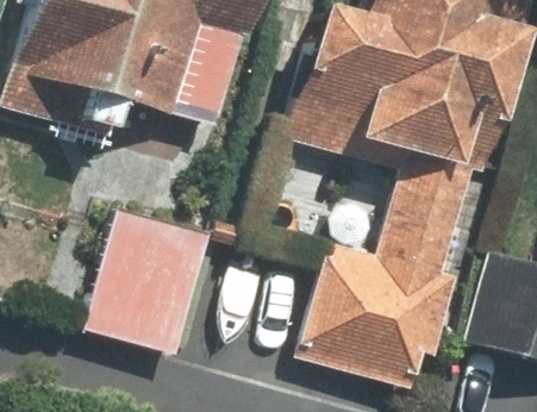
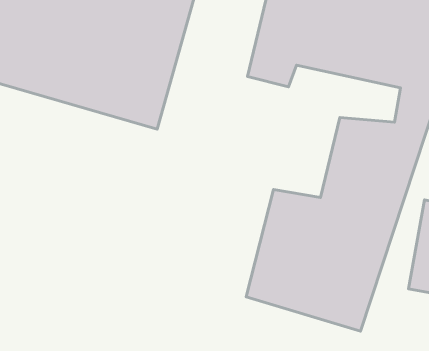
building: [82,201,210,344] -> none

